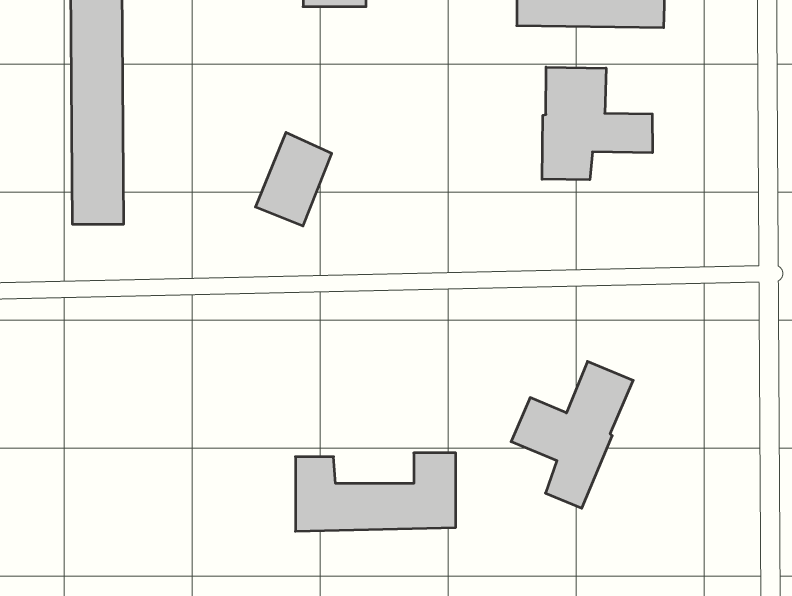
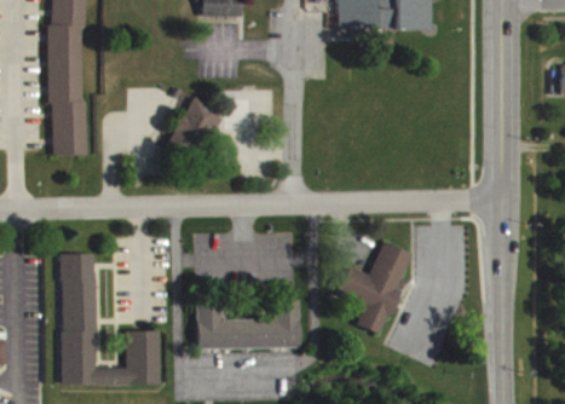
building: [542,67,652,180] -> none
building: none -> [60,254,158,385]

